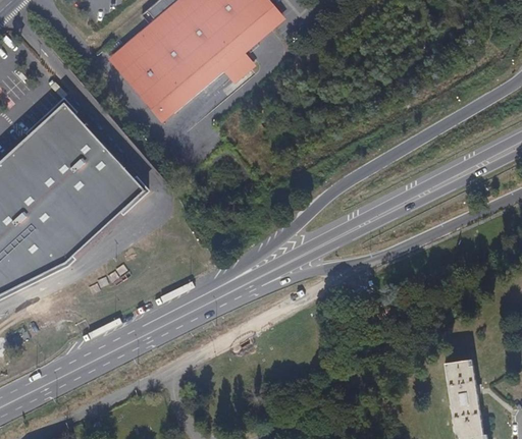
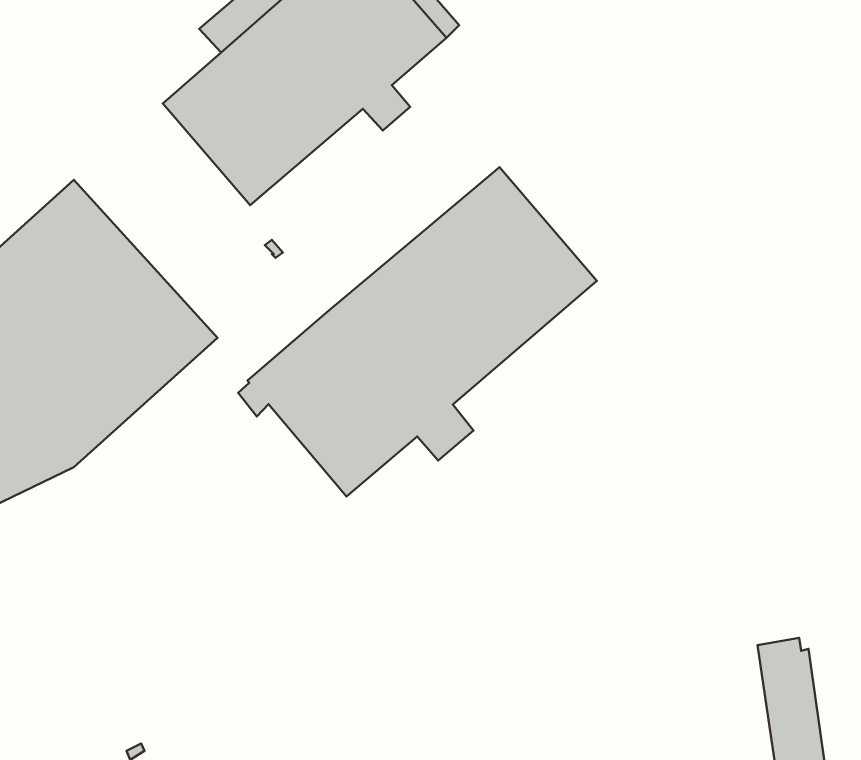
building: none -> [238,167,597,496]

